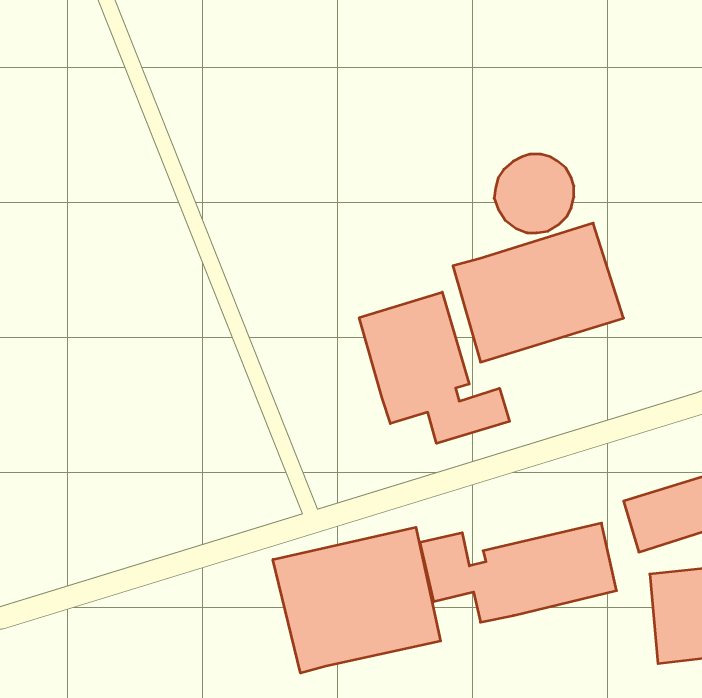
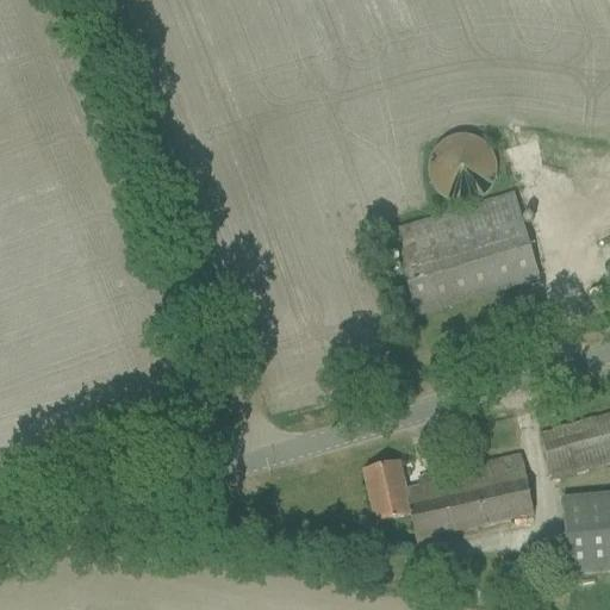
building: [359,292,510,443] -> none
building: [273,527,441,673] -> none

